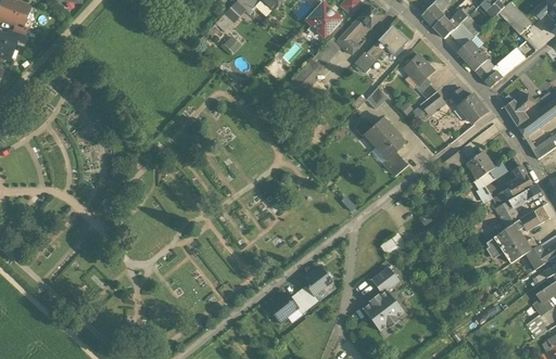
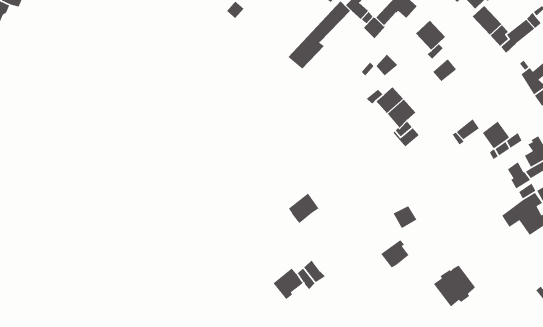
building: [452,89,488,125] -> none
building: [302,266,332,296] -> [288,193,319,224]
building: [362,291,403,332] -> [433,265,476,308]

